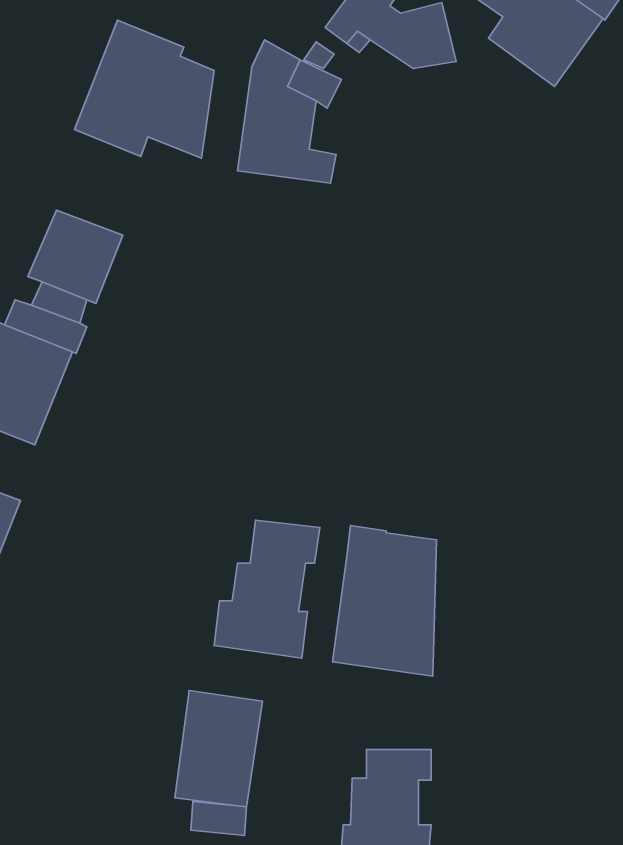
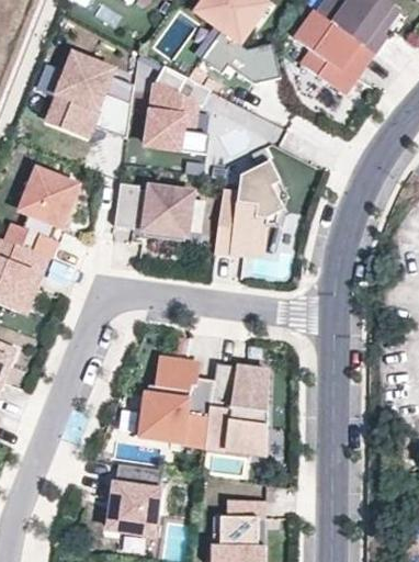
building: none -> [213,160,283,255]
building: none -> [114,182,193,236]
building: none -> [184,379,214,446]

